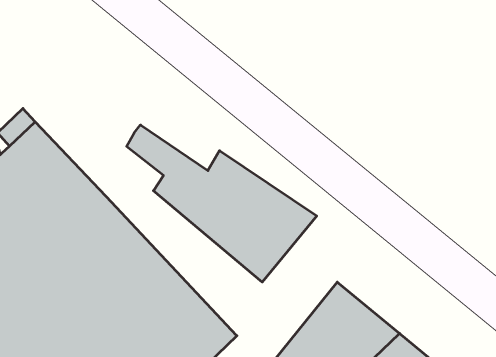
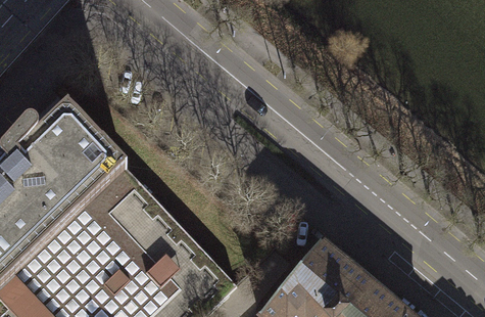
building: [127,125,317,282] -> none

